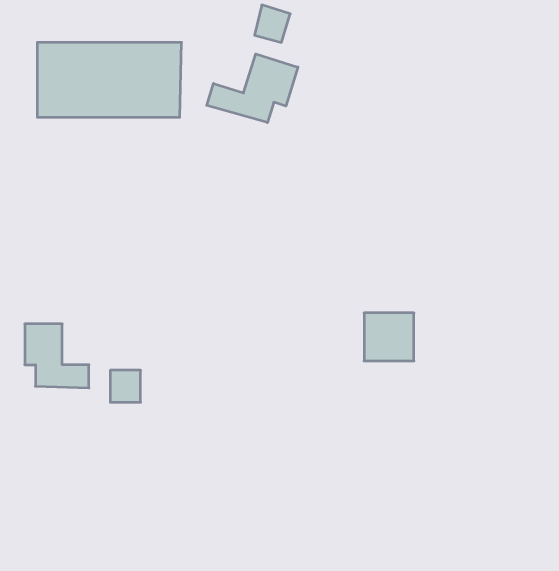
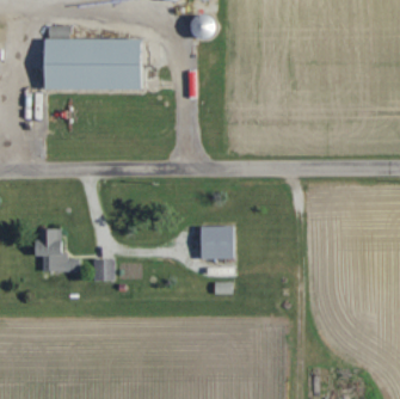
building: [207,54,298,123] -> none
building: [364,313,414,361] -> [201,227,234,259]

